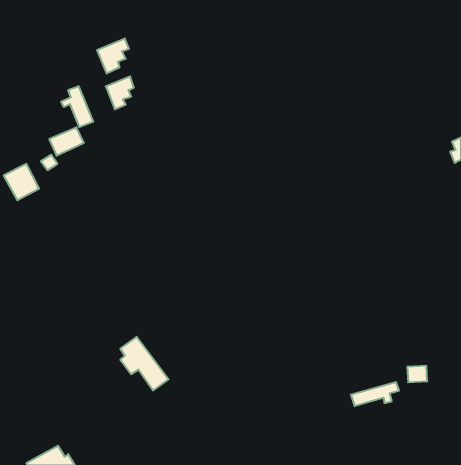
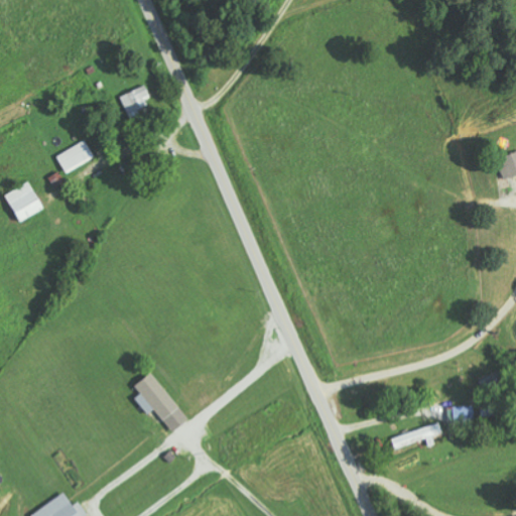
building: [97,38,129,74] -> none
building: [61,86,93,127] -> none

